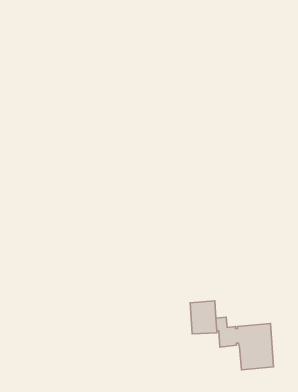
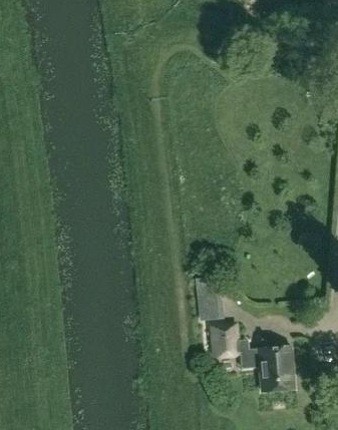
building: none -> [199,277,222,319]

